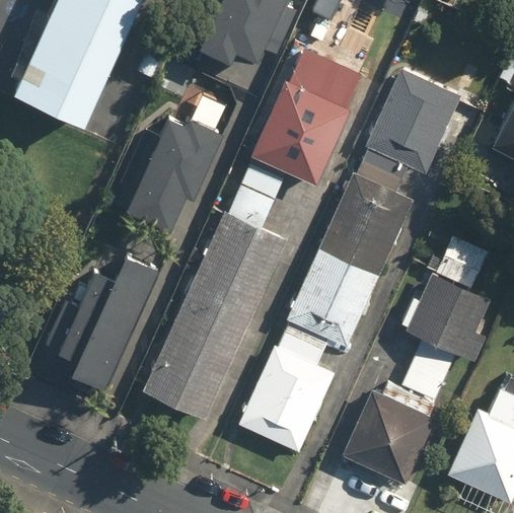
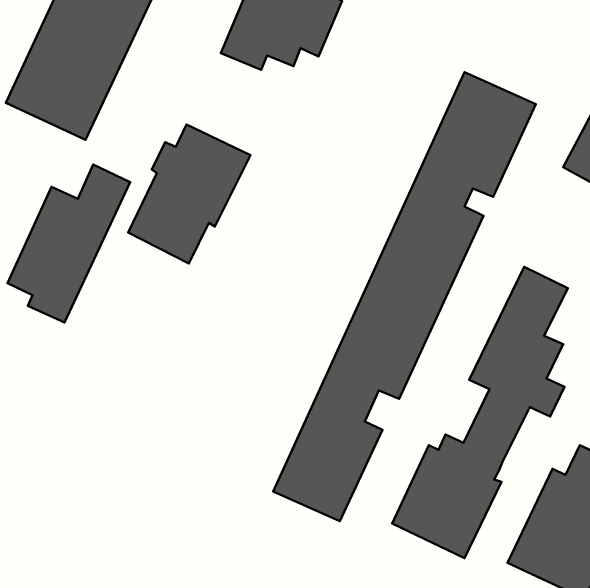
building: [243,46,362,196] -> none
building: [141,211,287,421] -> none
building: [52,252,156,387] -> [8,164,130,322]

